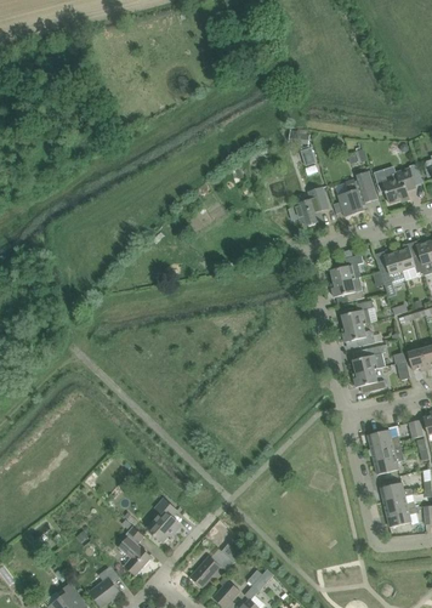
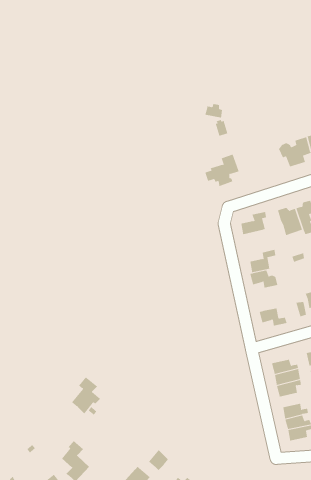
building: [337,171,376,217] -> none
building: [330,277,363,301] -> none
building: [352,345,385,373] -> none
building: [146,498,181,542] -> [71,376,101,414]

